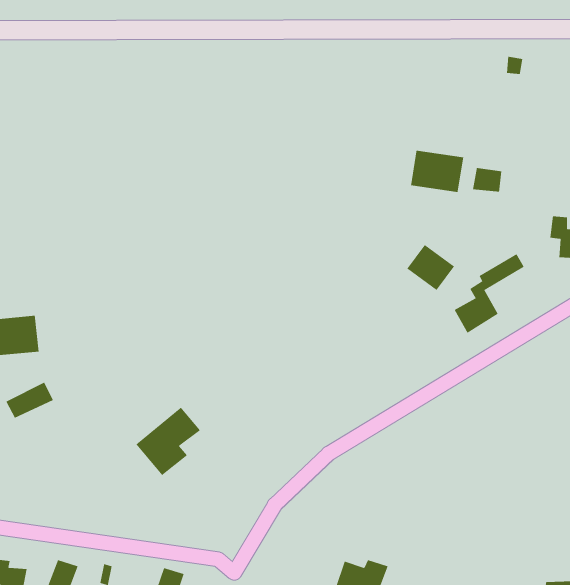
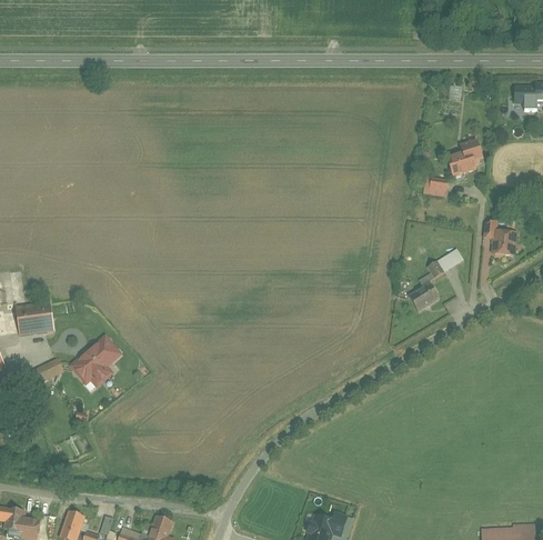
building: none -> [442,141,483,181]
building: [410,150,464,193] -> none
building: [406,244,455,291] -> none
building: [136,407,201,476] -> [67,334,122,393]

